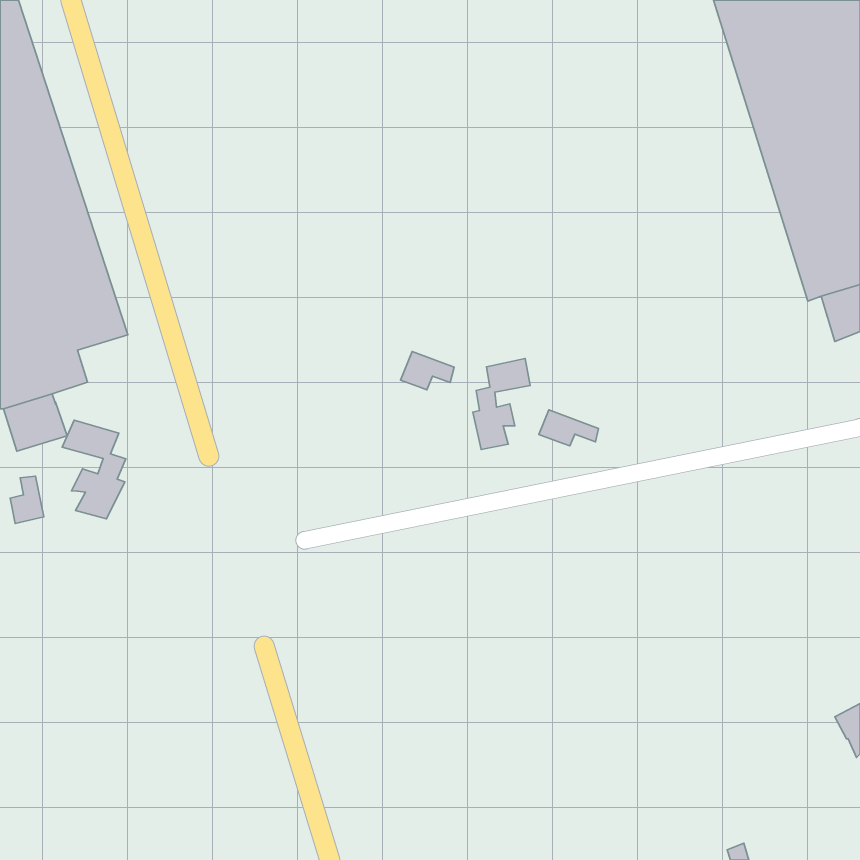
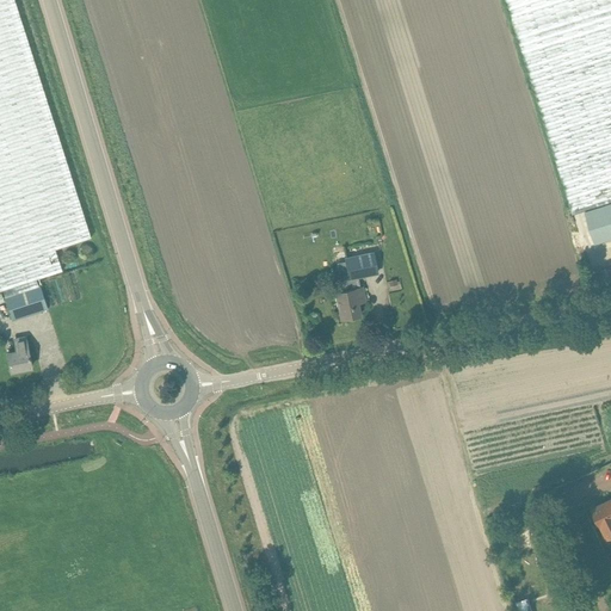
building: [401,352,454,390] -> none
building: [539,410,598,446] -> none
building: [62,420,126,519] -> none

